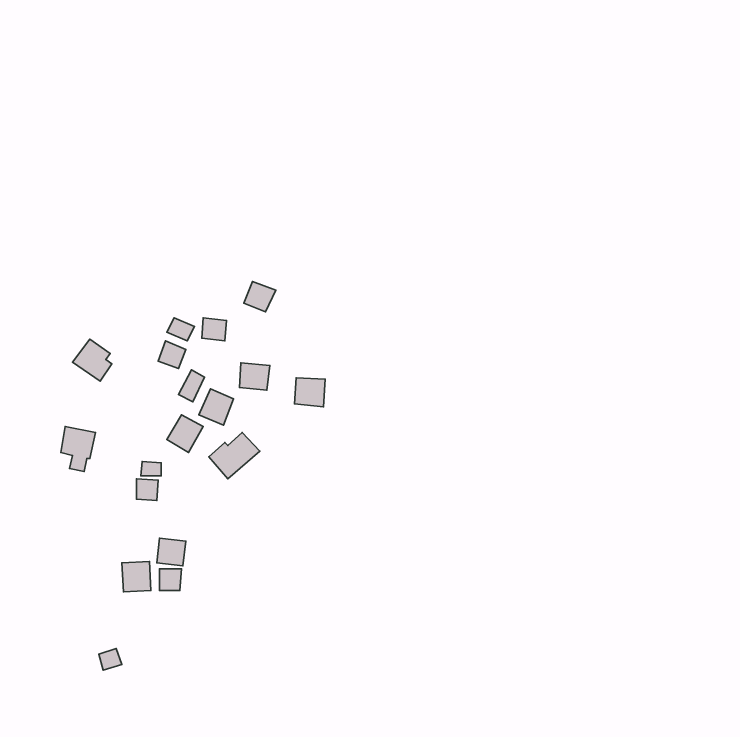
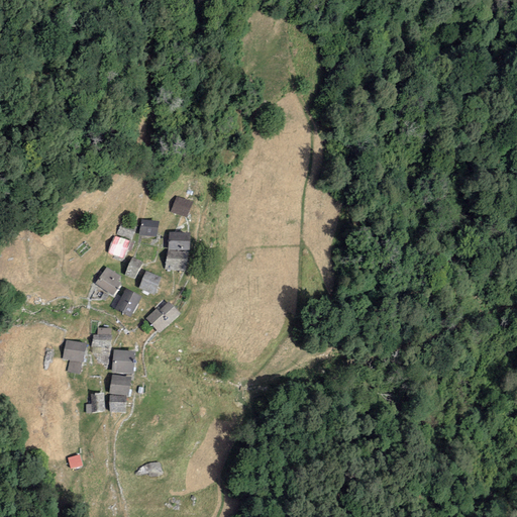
building: [73,339,112,381] -> [95,268,122,297]
building: [295,378,325,407] -> [170,231,191,251]
building: [61,427,96,472] -> [63,339,87,371]
building: none -> [114,349,134,373]

